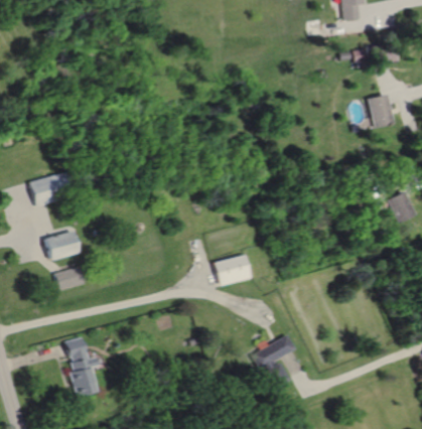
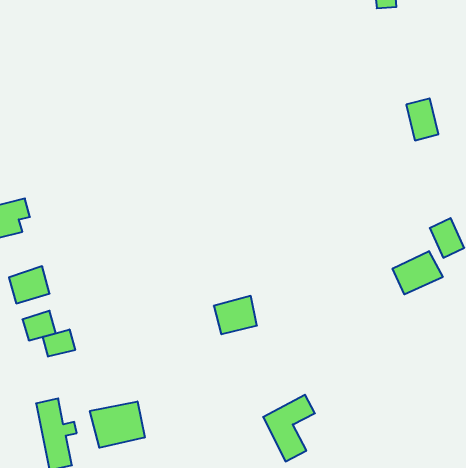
building: none -> [393,251,443,294]
building: none -> [43,329,75,357]
building: none -> [90,401,145,448]

